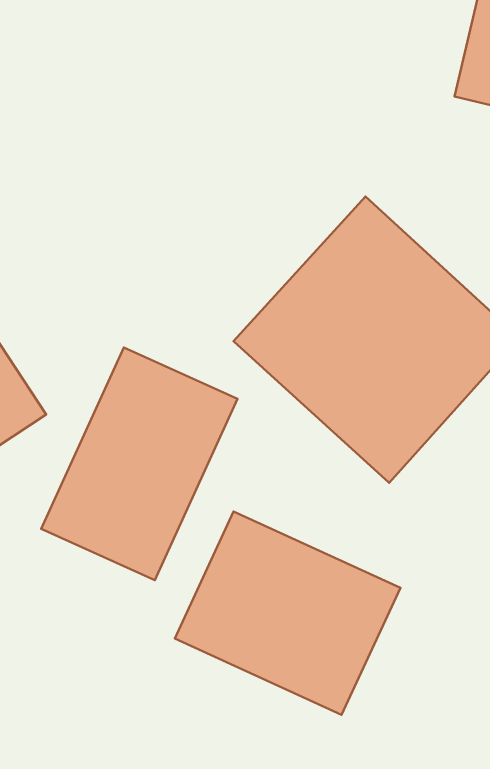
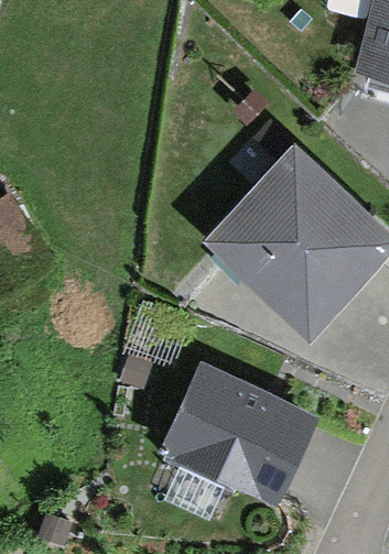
building: [41,347,238,580] -> none

